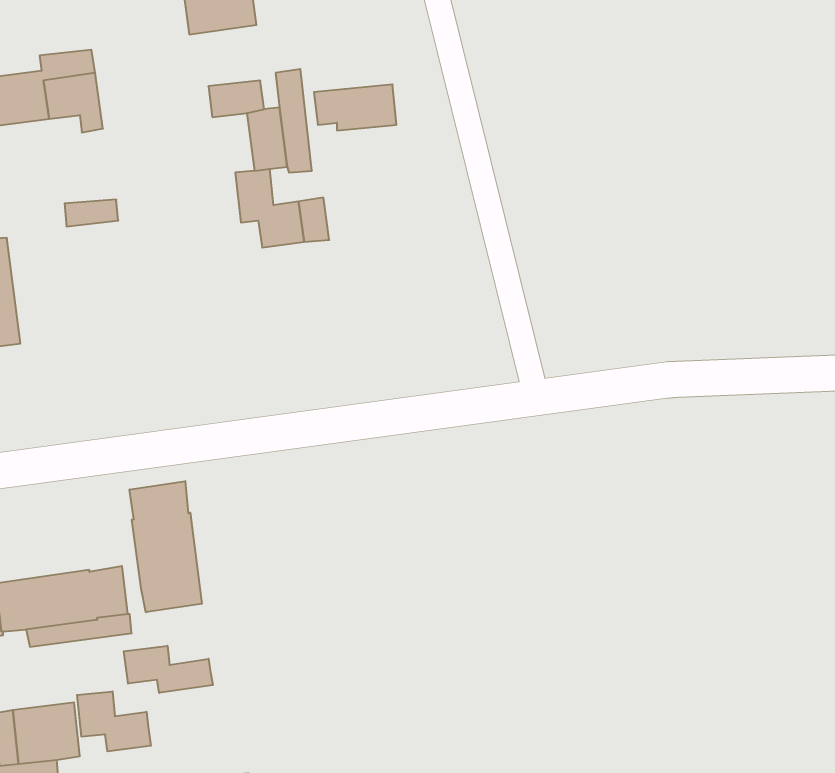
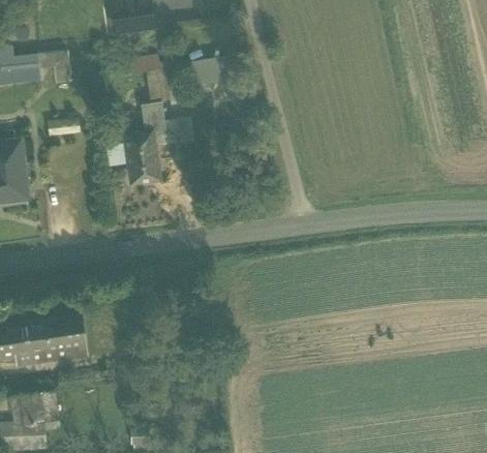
building: none -> [121,133,157,186]
building: [130,481,202,612] -> none
building: [124,646,213,693] -> none
building: [77,691,151,751] -> none

